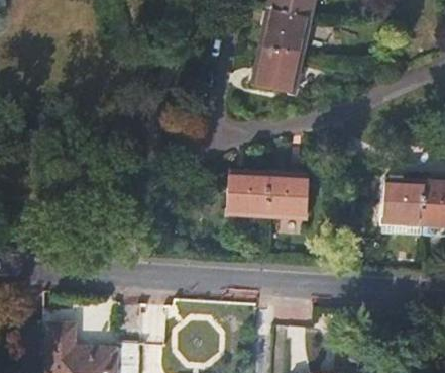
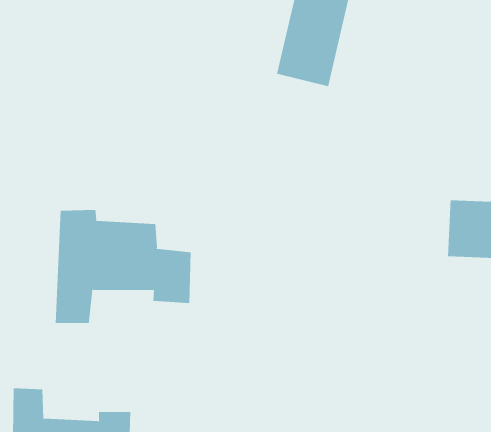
building: [227,171,310,218] -> none
building: none -> [55,209,191,324]

